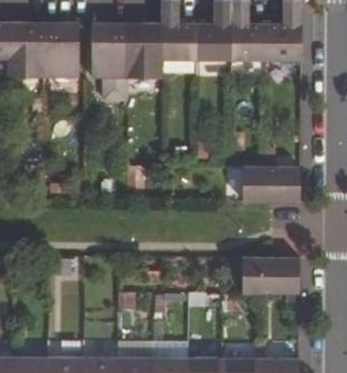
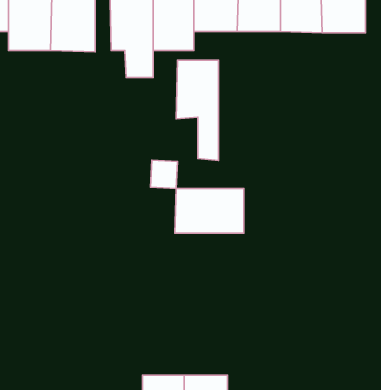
building: none -> [176,60,219,160]
building: [242,167,298,203] -> [175,188,244,233]
building: [242,257,297,294] -> none

